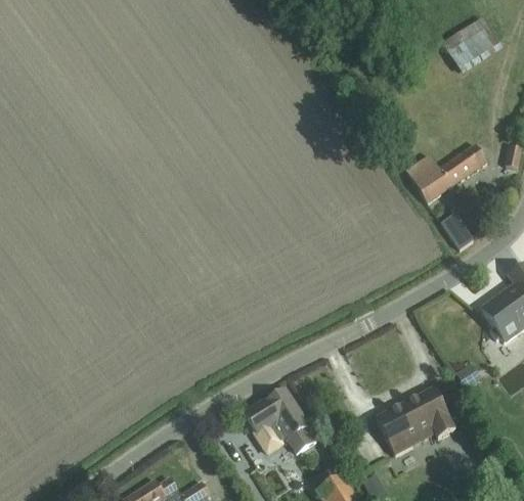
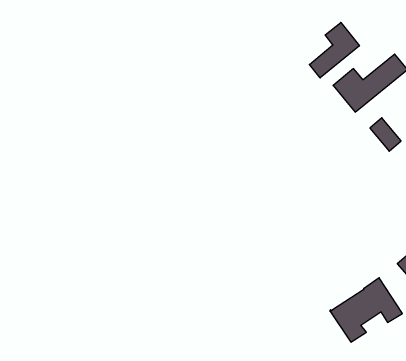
building: none -> [309,22,359,78]
building: [246,390,317,452] -> none

